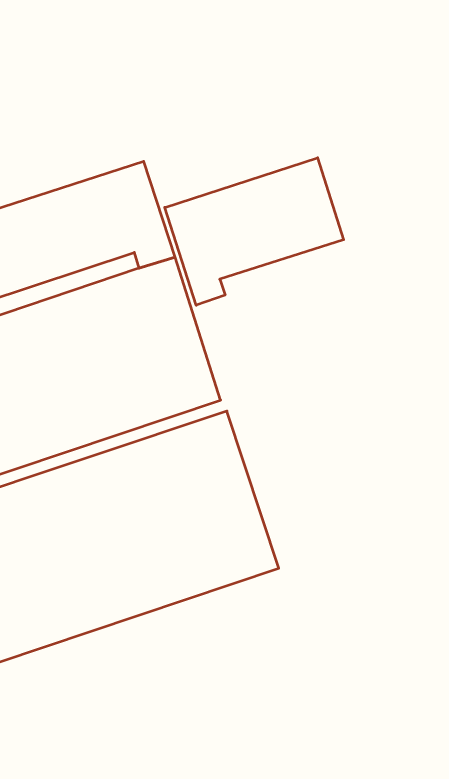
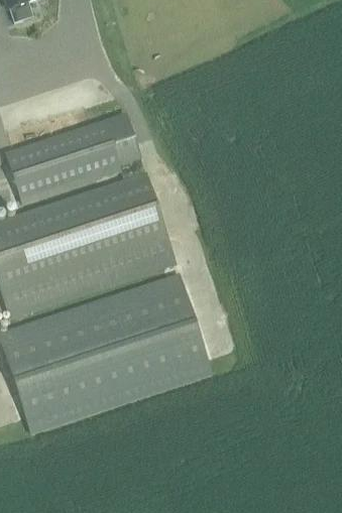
building: [165,158,344,305] -> none

